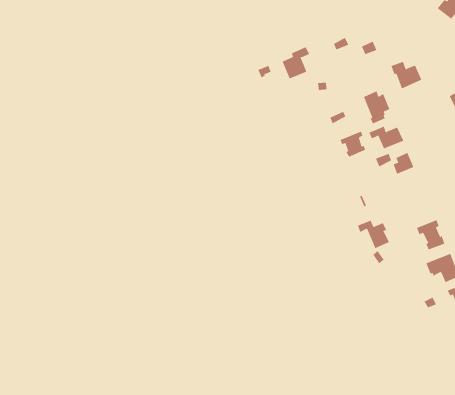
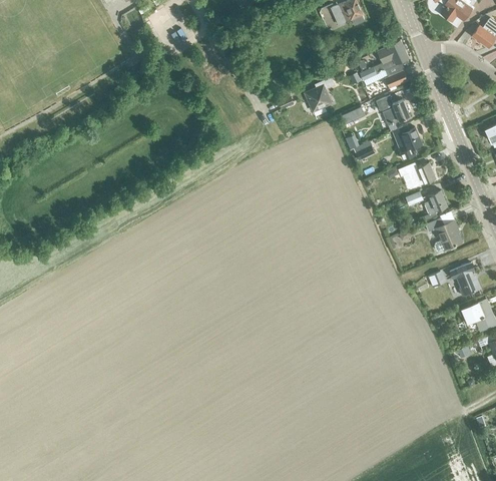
building: none -> [377,40,408,68]
building: [390,61,422,89] -> [376,95,410,125]
building: [340,131,366,158] -> none
building: [357,220,390,249] -> [425,217,460,249]

